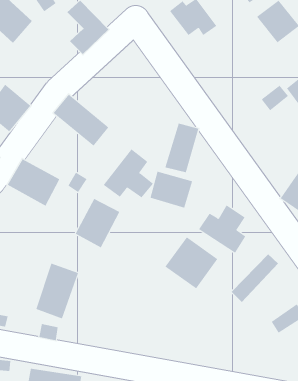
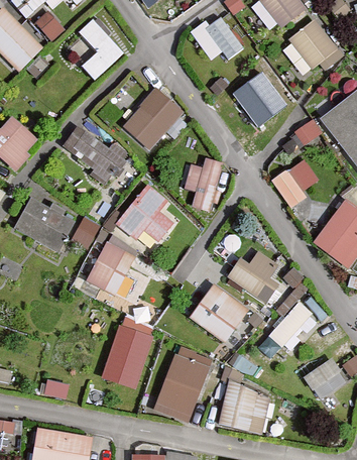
building: none -> [232,65,287,123]
building: none -> [123,87,184,150]
building: none -> [271,158,319,208]
building: [150,171,193,208] -> none
building: [35,263,79,319] -> [104,326,152,388]
building: none -> [154,353,209,424]
building: none -> [217,378,265,432]

